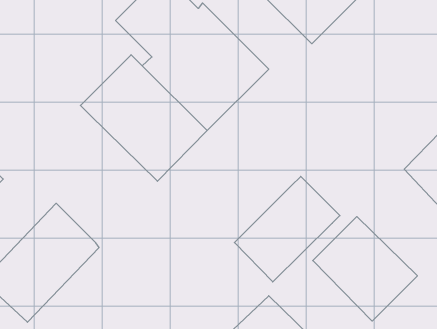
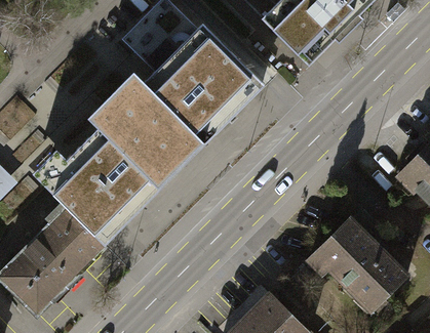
building: none -> [33,126,164,246]
building: [234,176,340,282] -> none

